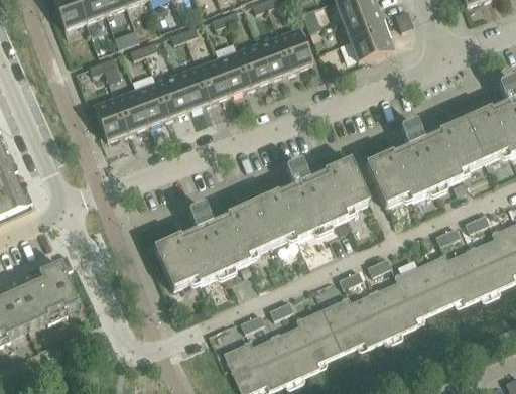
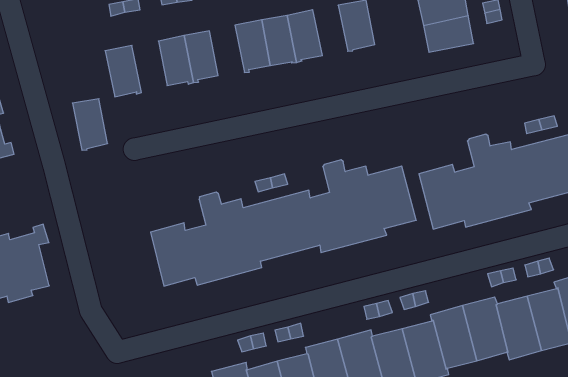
building: [257,36,291,80] -> none
building: [175,67,210,110] -> none
building: [114,90,148,134] -> [72,99,108,150]

